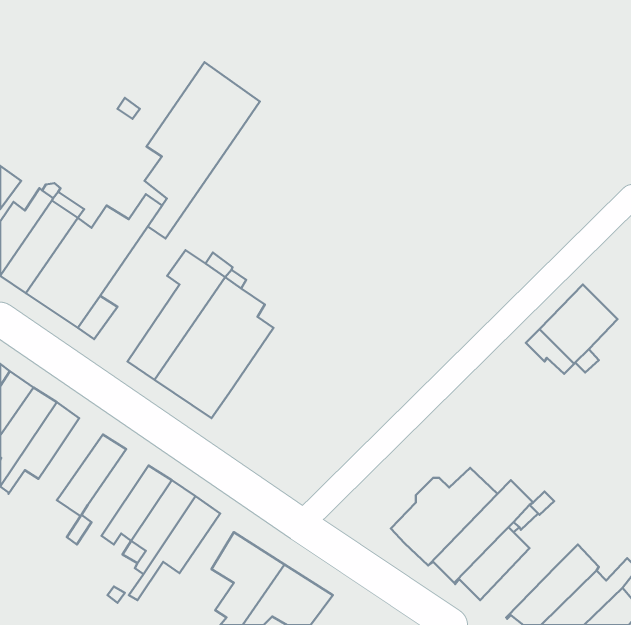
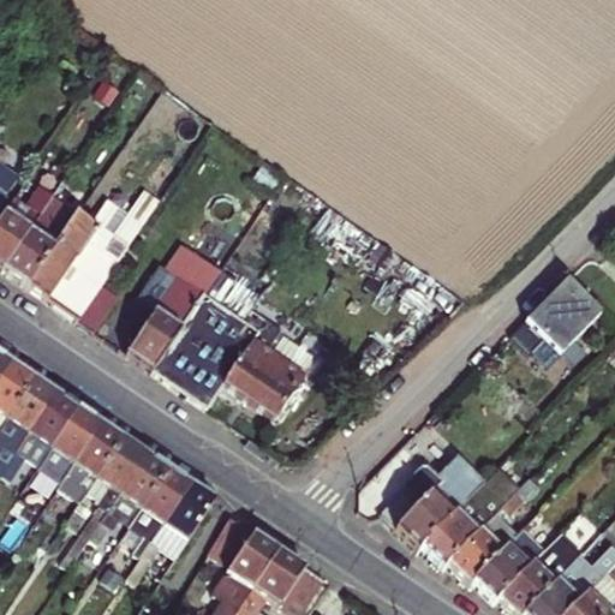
building: [144,62,260,238] -> none
building: none -> [223,318,312,417]
building: none -> [38,406,101,480]
building: none -> [60,436,145,568]
building: none -> [467,527,542,599]

